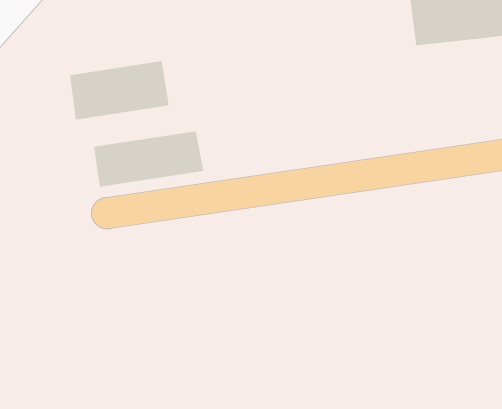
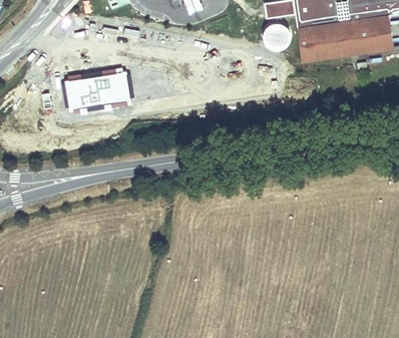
building: [93,131,204,188] -> none

